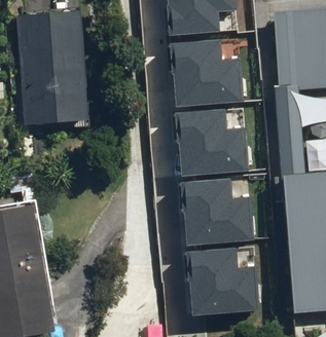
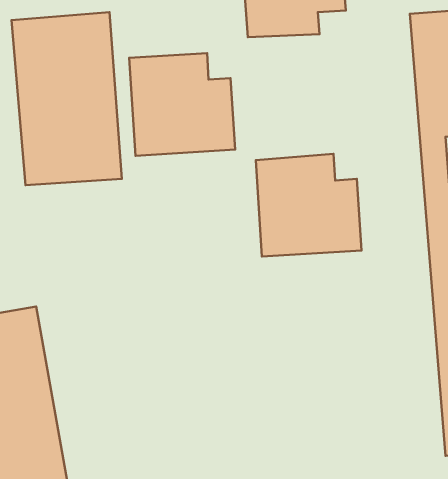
building: [172,36,242,104] -> [129,53,235,156]
building: [181,176,251,244] -> none
building: [185,247,255,314] -> none

